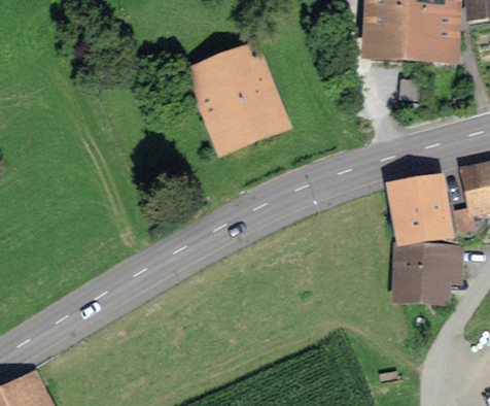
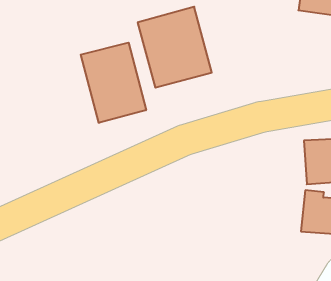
building: none -> [81,43,146,123]

